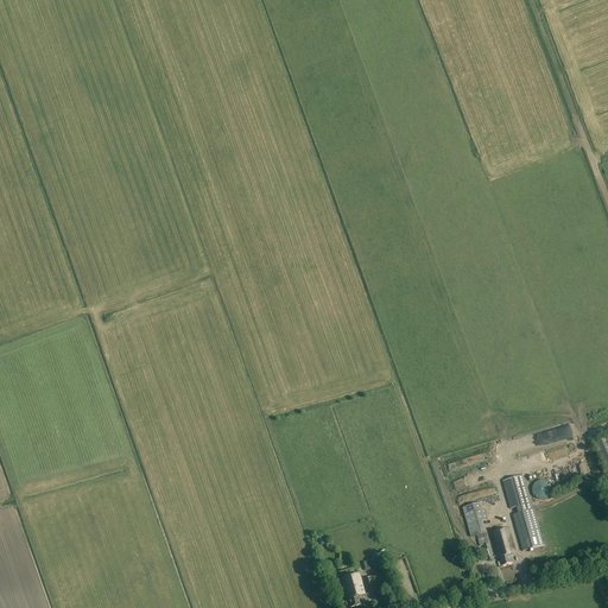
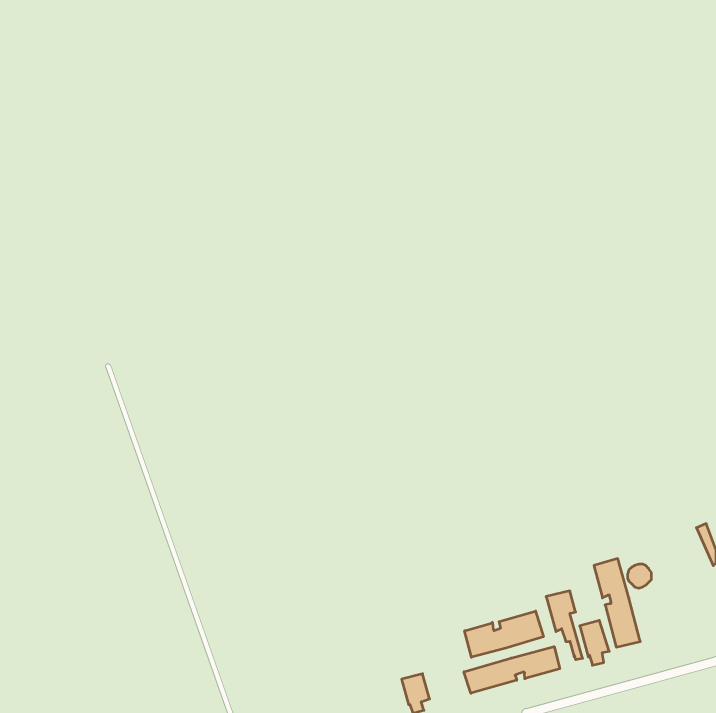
building: none -> [465,611,543,657]
building: none -> [464,647,560,693]

